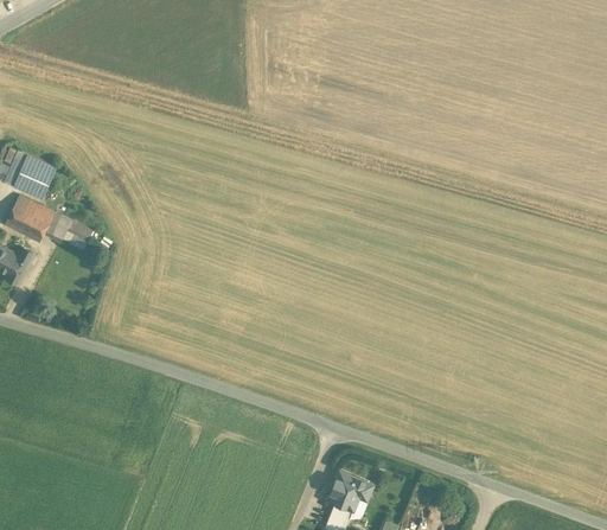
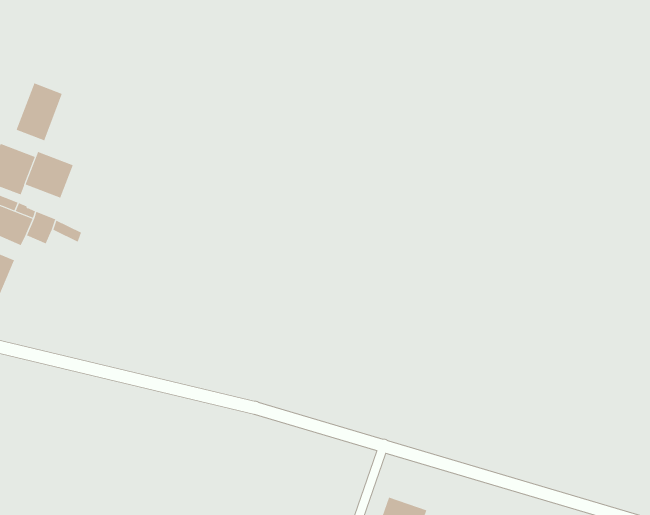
building: none -> [16,82,63,141]
building: none -> [25,151,74,199]

